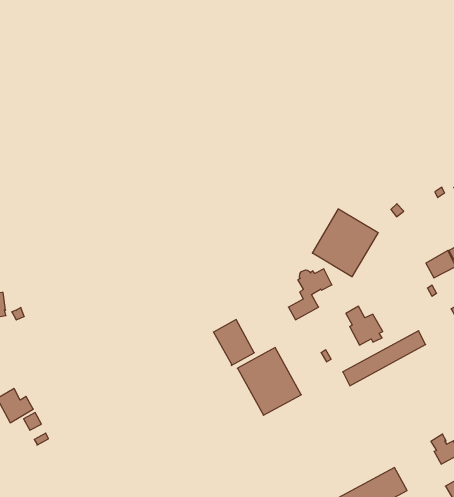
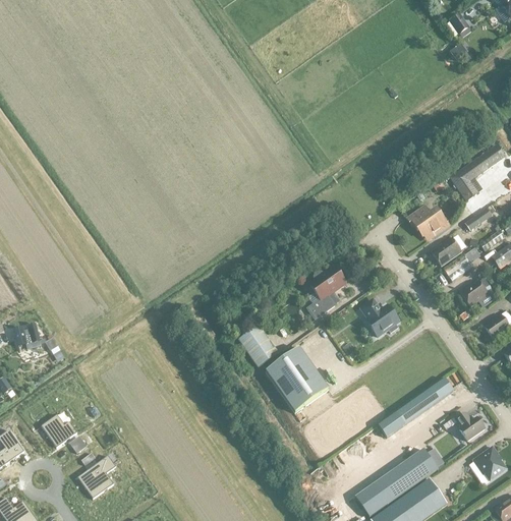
building: [312,209,378,277] -> none
building: none -> [407,207,448,234]
building: [343,331,426,386] -> [378,378,453,437]
building: none -> [76,454,115,497]

